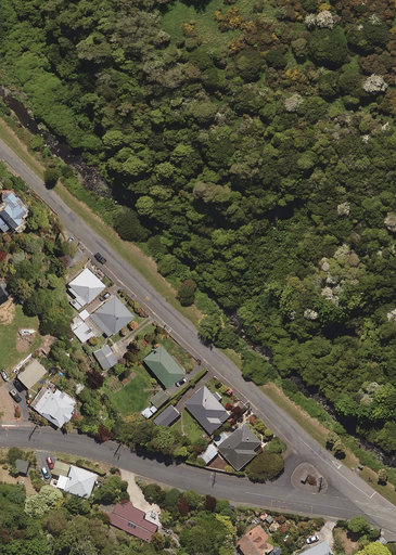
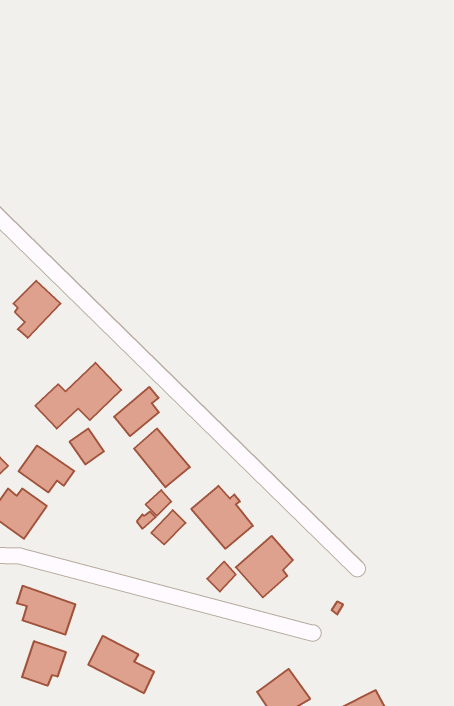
building: [67,268,103,311] -> [13,281,61,338]
building: none -> [114,387,159,436]
building: none -> [19,446,74,492]
building: none -> [22,641,66,686]

